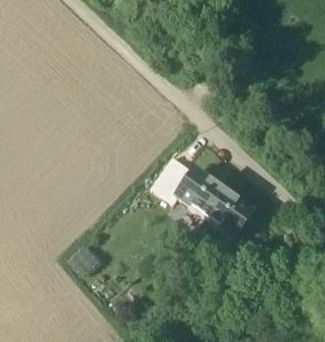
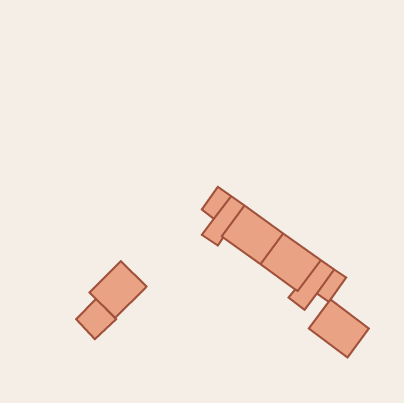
building: none -> [89,261,147,318]
building: none -> [309,300,369,358]

